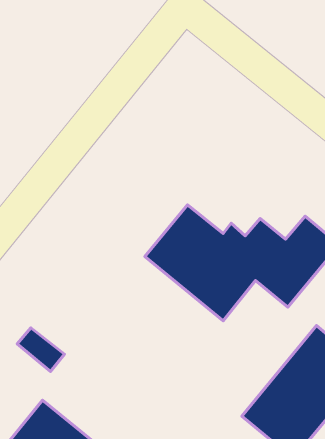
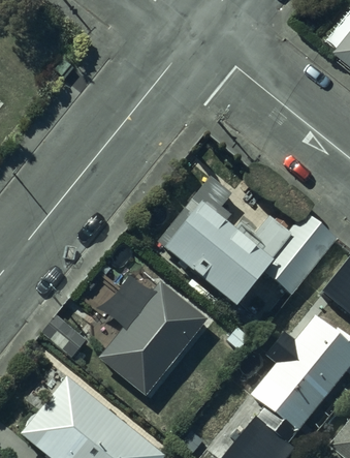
building: none -> [102,282,209,395]

